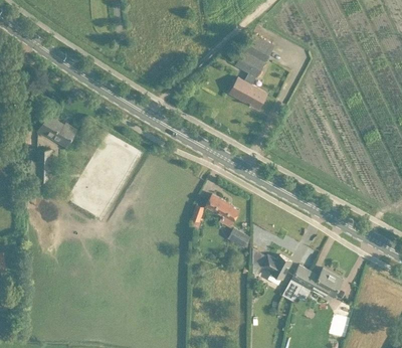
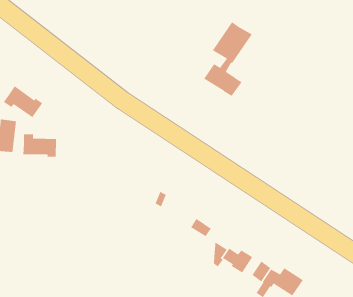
building: none -> [22,133,57,157]
building: [206,195,240,227] -> none

